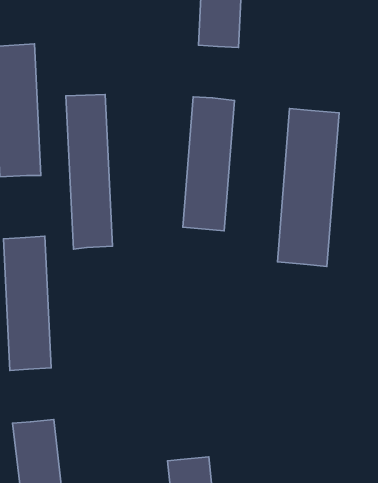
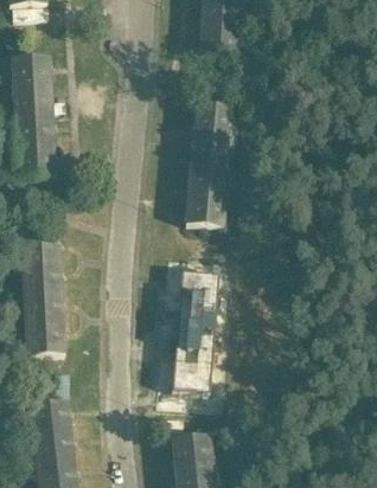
building: [66,95,112,249] -> none
building: [277,108,339,266] -> none
building: none -> [172,271,219,394]

